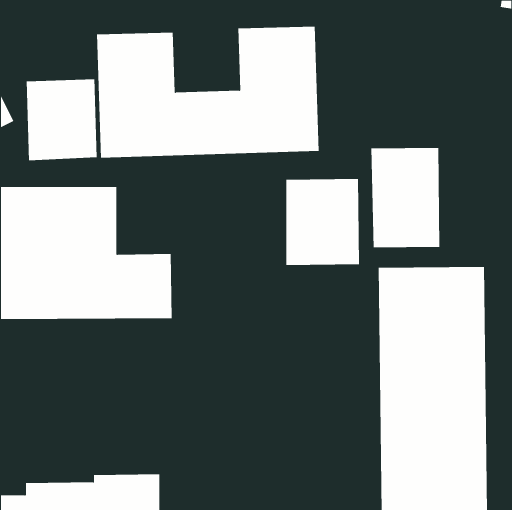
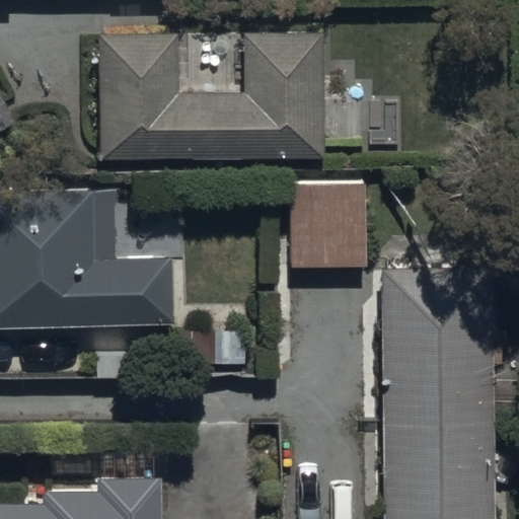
building: [26,79,97,161] -> none
building: [371,147,440,248] -> none

